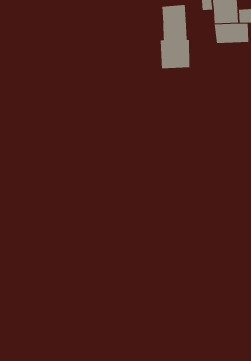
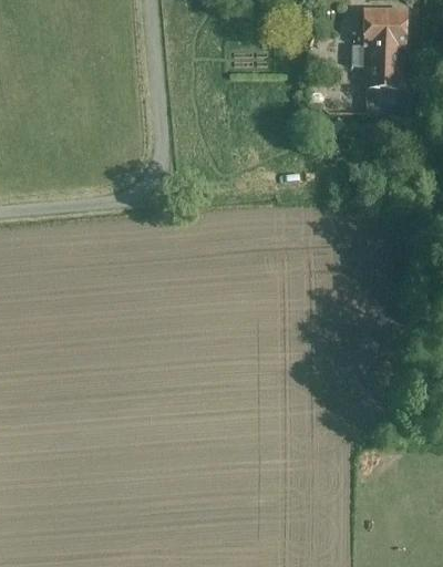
building: [160,4,190,69] -> none

